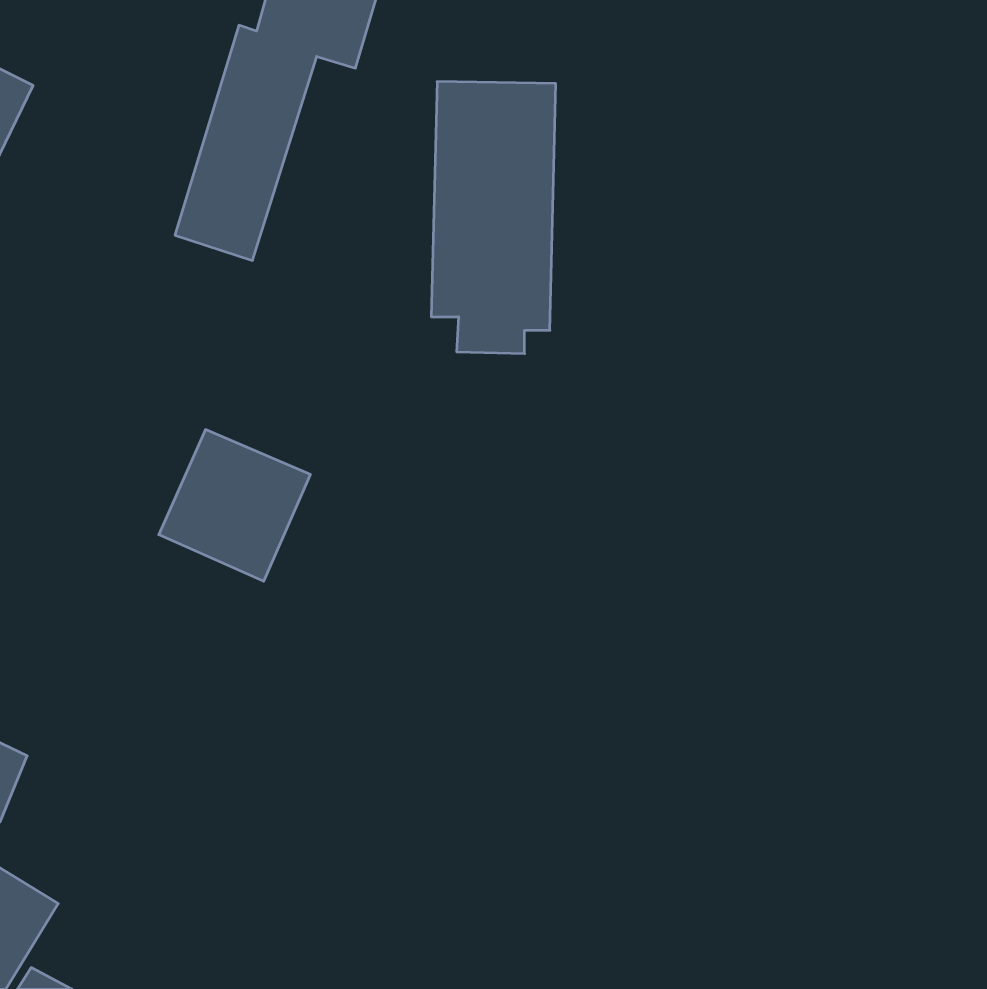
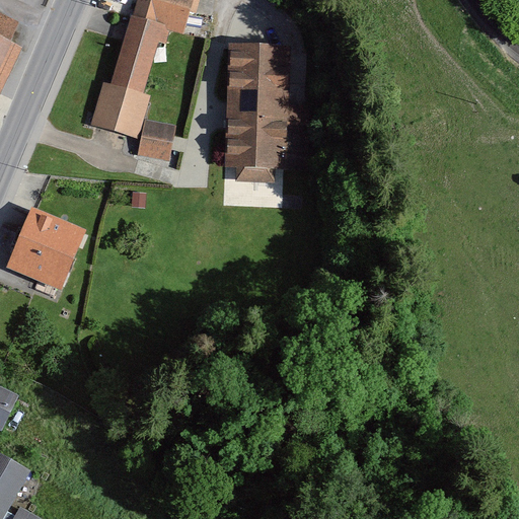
building: none -> [136,118,175,162]
building: [159,430,310,581] -> [6,209,85,288]

